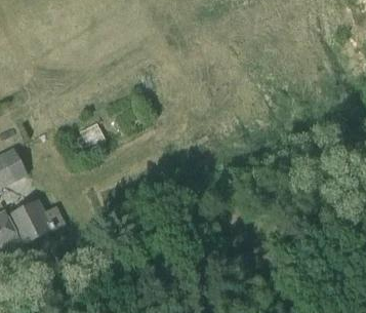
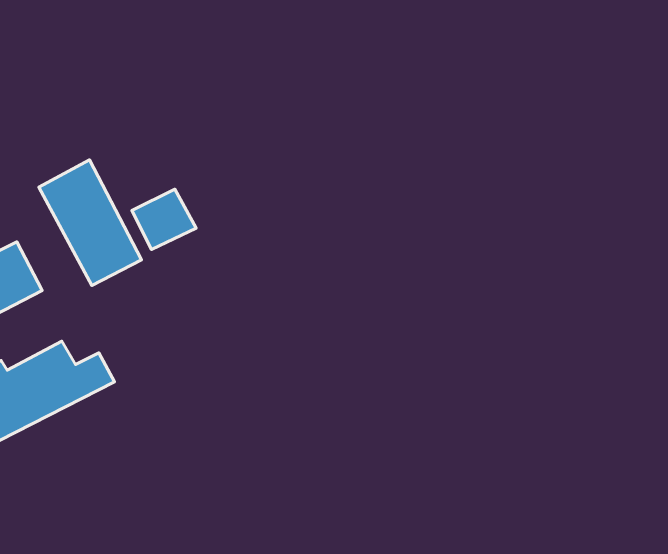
building: none -> [39,160,142,285]

